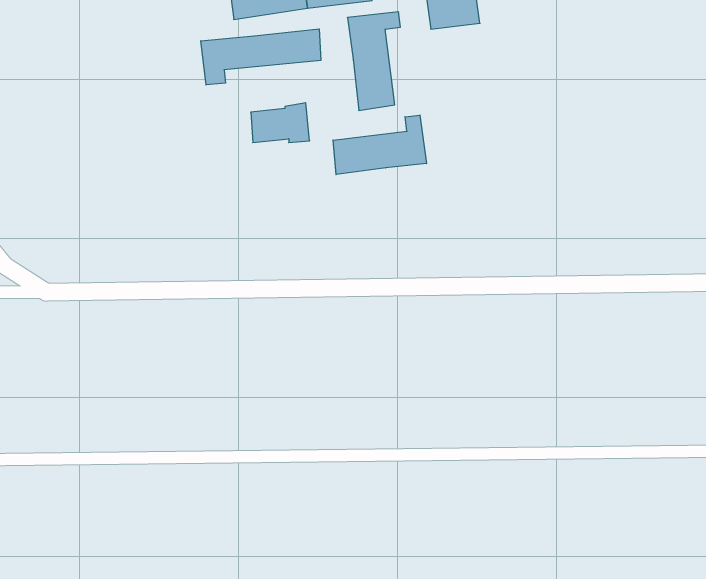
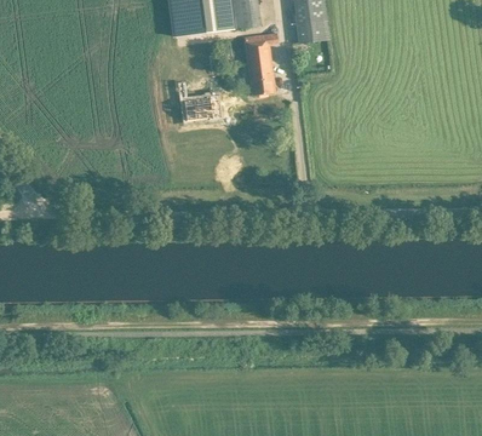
building: [201,29,321,85] -> none
building: [333,115,426,175] -> none

